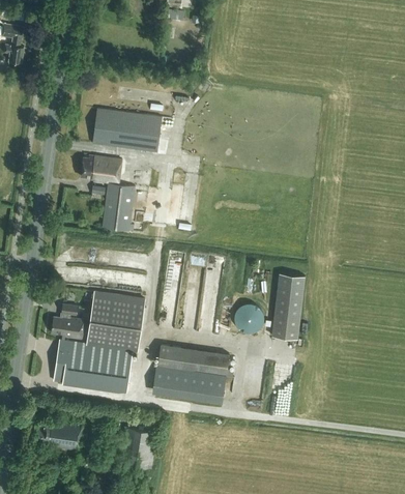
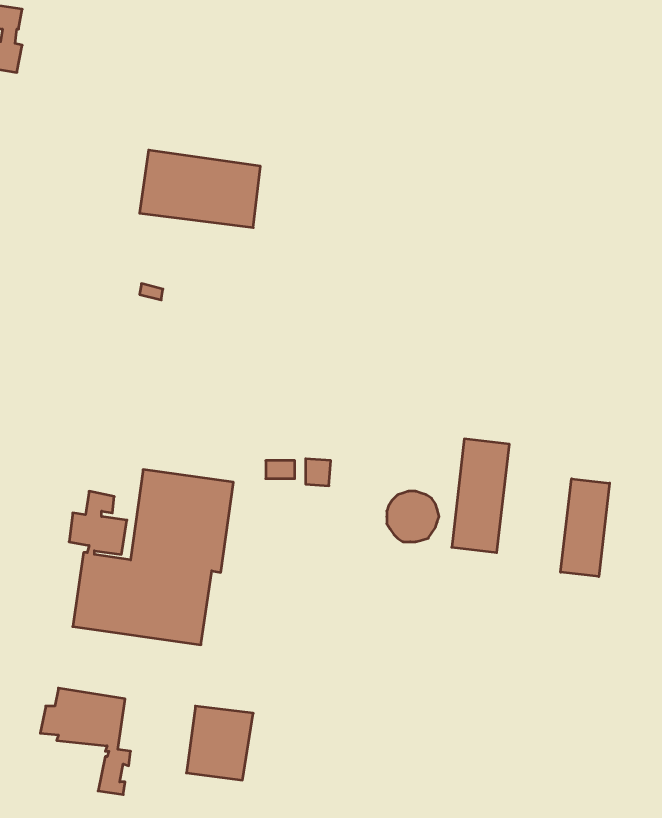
building: [81,155,135,231] -> none
building: none -> [561,479,610,577]
building: [153,344,229,398] -> none

